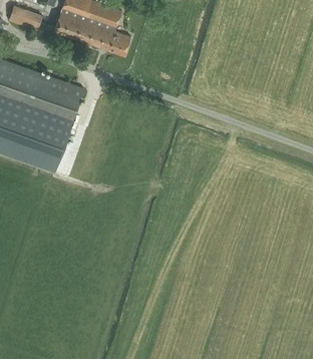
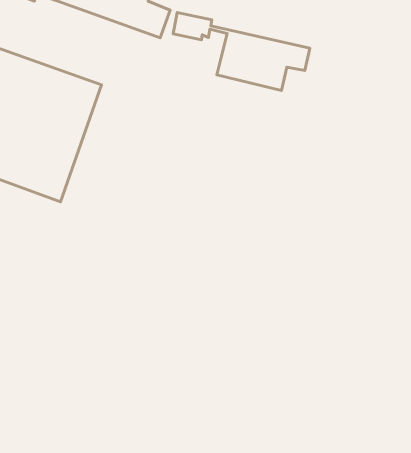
building: none -> [173,13,310,90]

